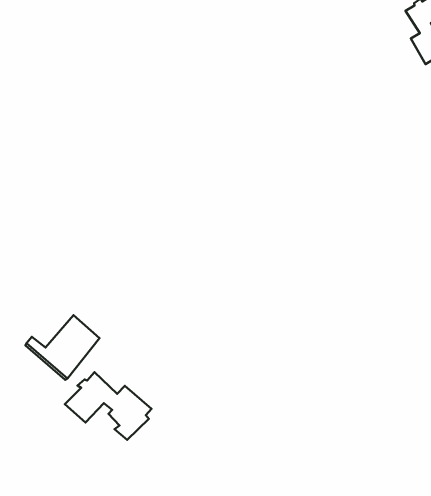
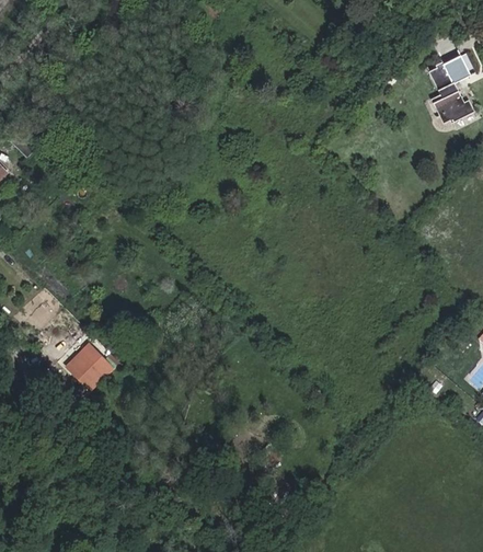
building: [65,372,151,440] -> none

